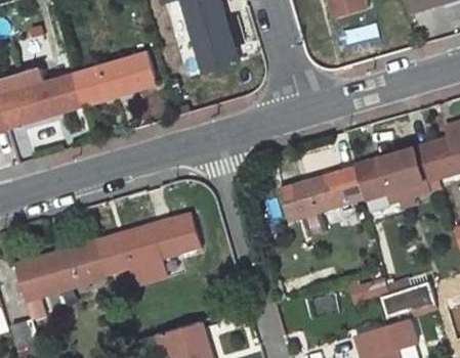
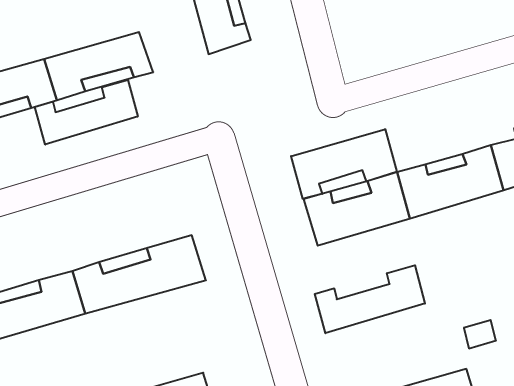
building: none -> [35,80,138,145]
building: none -> [291,129,397,199]
building: none -> [315,265,425,333]

